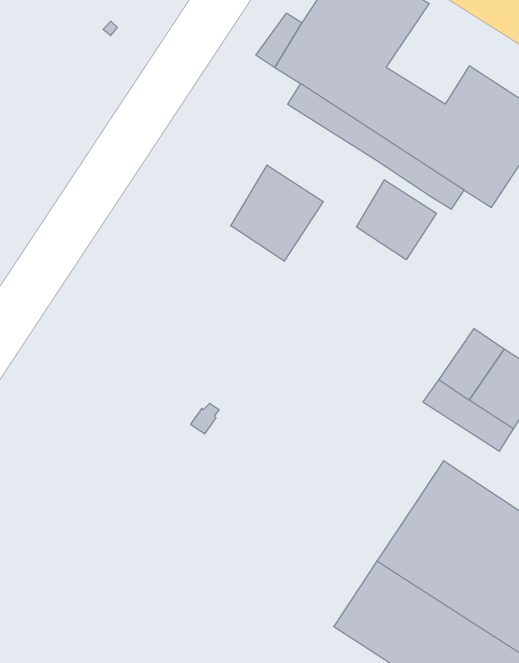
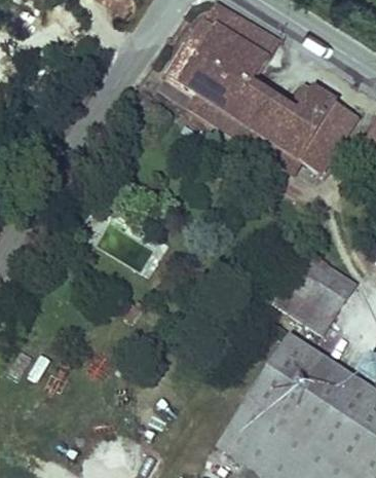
building: [231,165,323,261] -> none
building: [357,180,436,260] -> none

